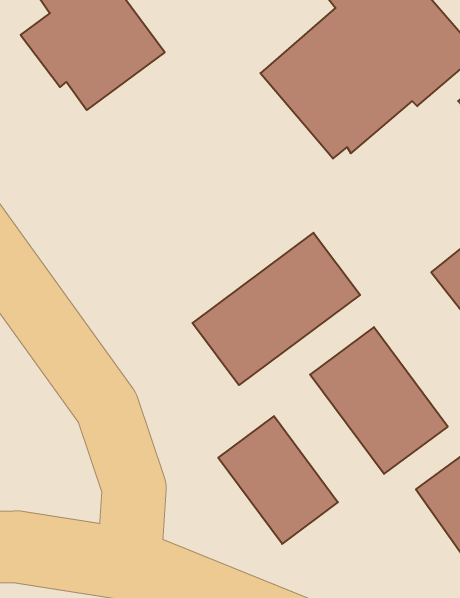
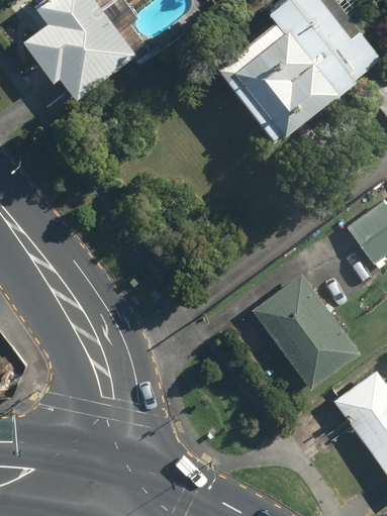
building: [192,233,360,385] -> none
building: [218,416,338,544] -> none

